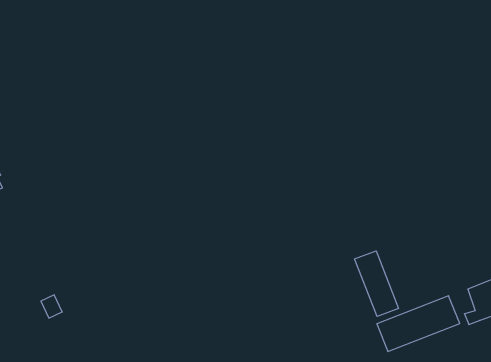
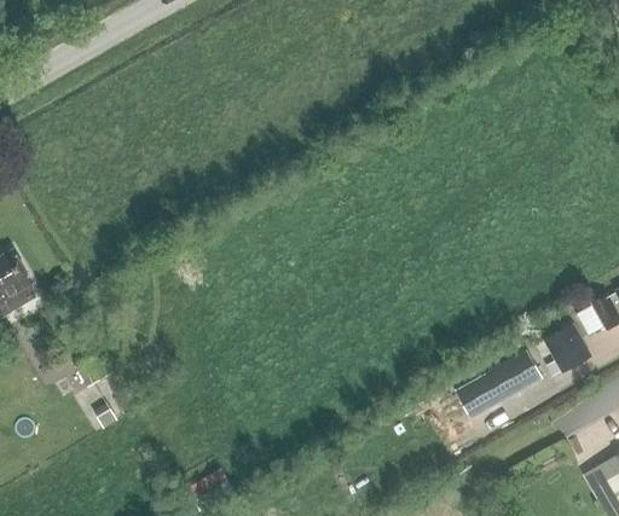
building: [355,251,399,316] -> none

